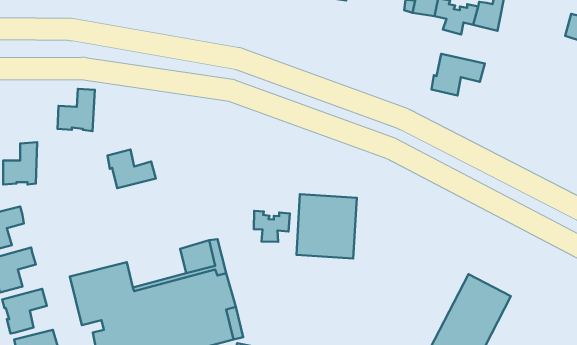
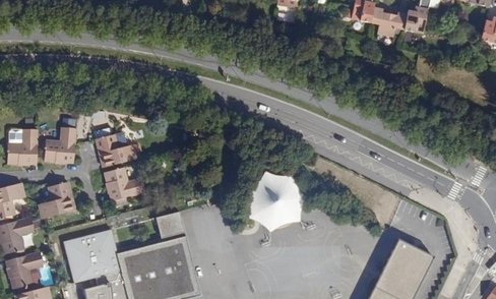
building: [432,54,485,96] -> none
building: [57,89,95,131] -> [43,127,74,163]
building: none -> [103,168,143,200]
building: none -> [37,181,72,219]
building: [254,211,290,242] -> none

